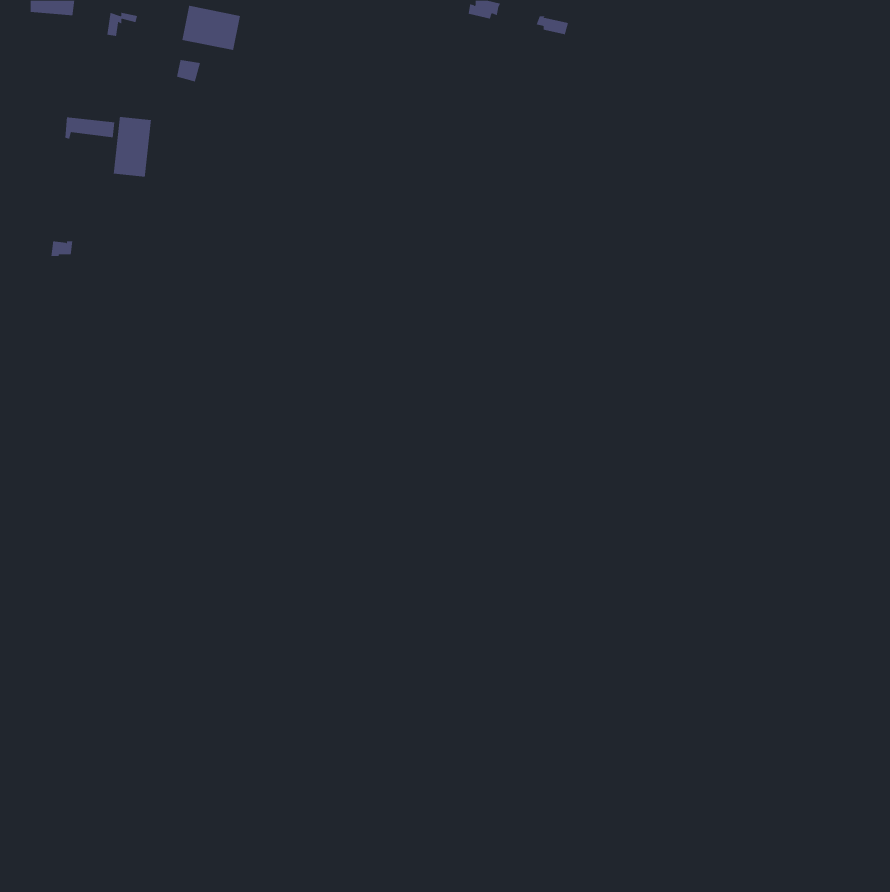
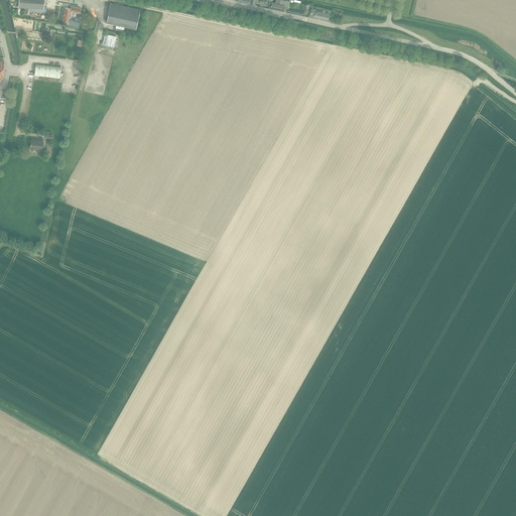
building: [113,116,151,178] -> none

